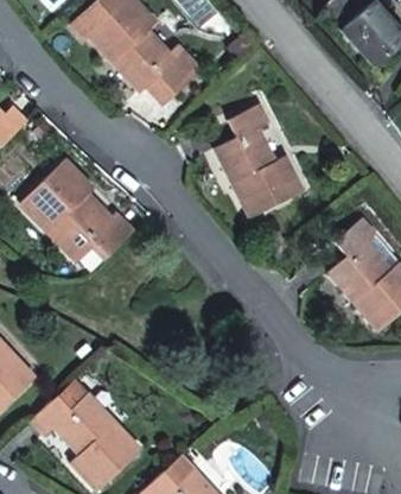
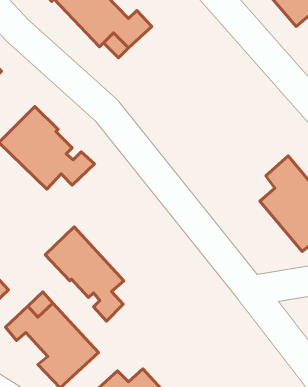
building: [217,103,305,216] -> none
building: none -> [45,227,124,321]

